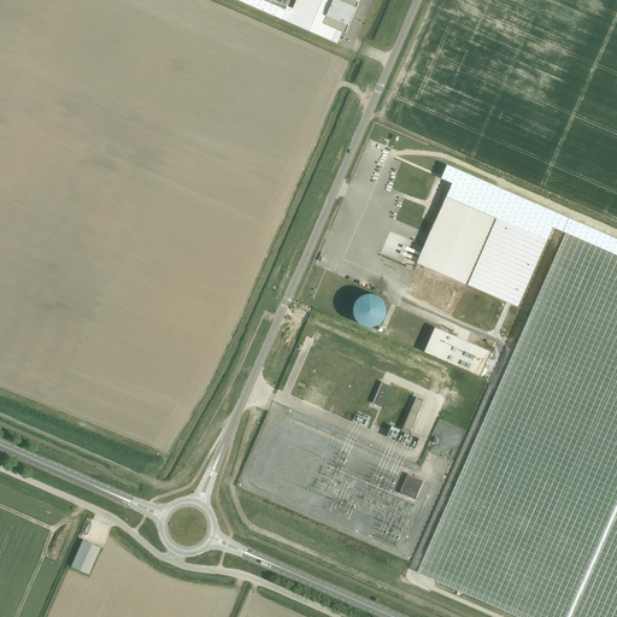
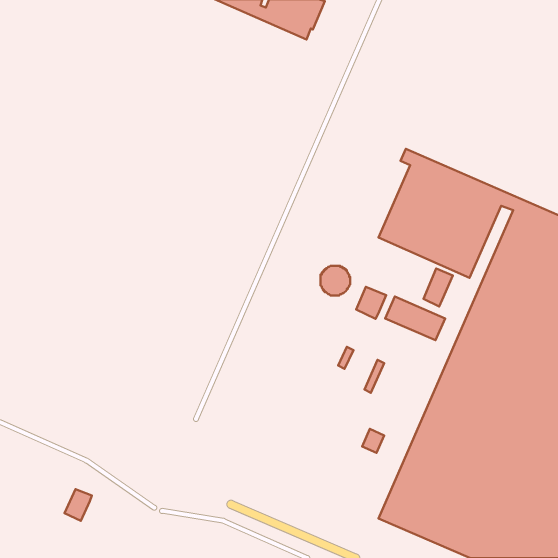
building: none -> [423,269,453,306]
building: none -> [356,287,386,319]

